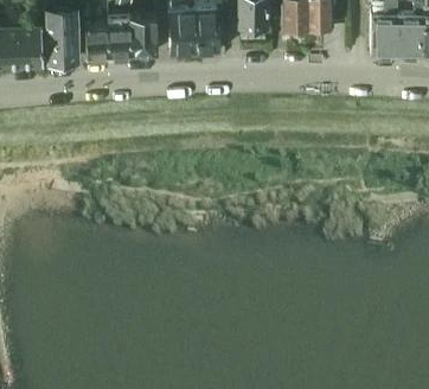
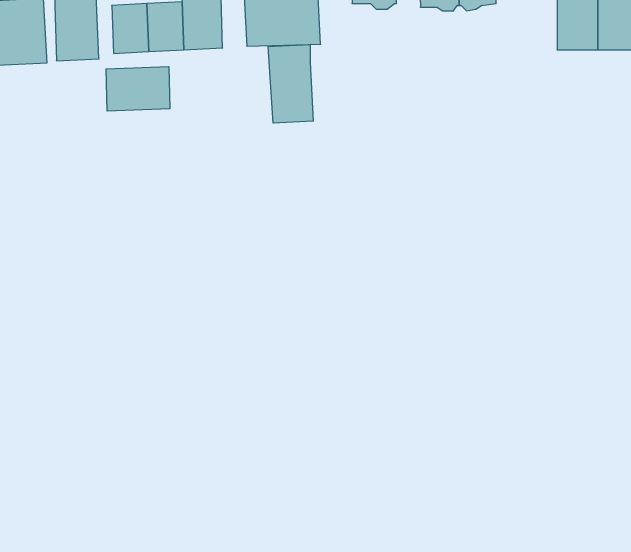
building: none -> [268,44,313,123]
building: none -> [106,67,170,111]

